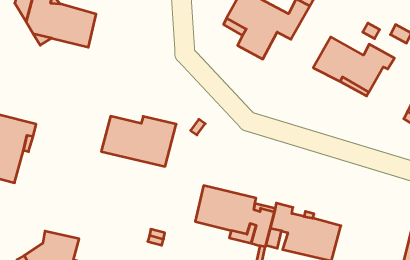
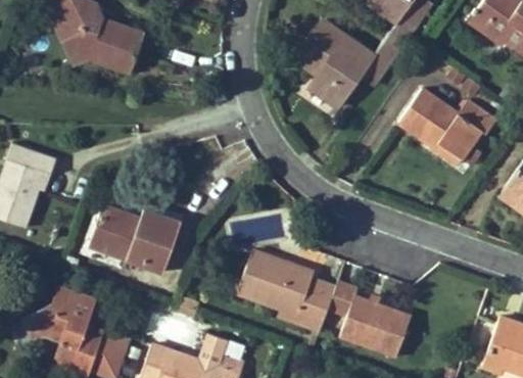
building: [101,116,176,166] -> [89,206,182,273]

